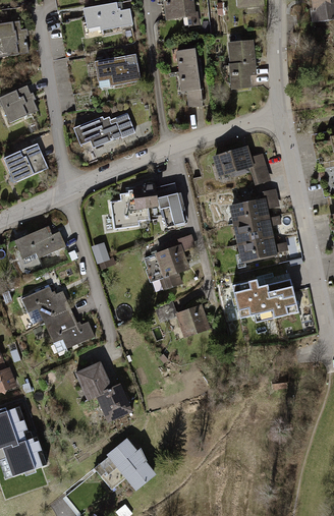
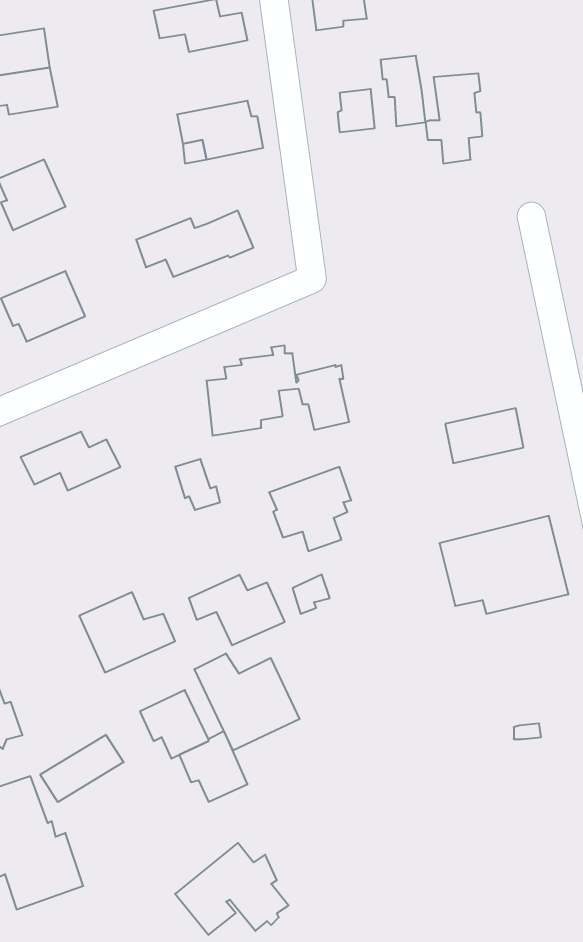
building: [179,69,203,106] -> [381,56,426,126]
building: [214,146,272,184] -> none
building: [226,197,271,224] -> none
building: [238,235,280,264] -> none
building: [21,286,71,323] -> [189,575,285,645]
building: [176,305,208,336] -> none
building: none -> [194,653,300,751]
building: none -> [40,735,124,802]

